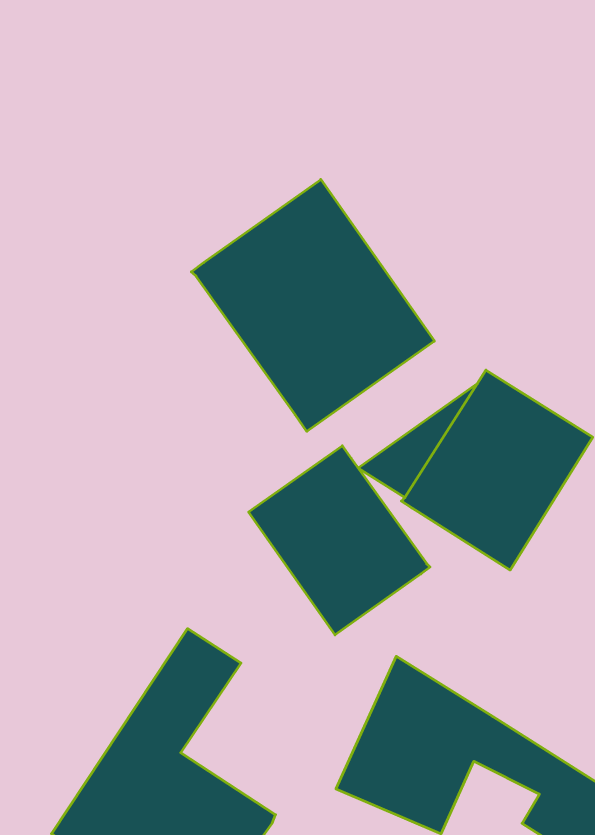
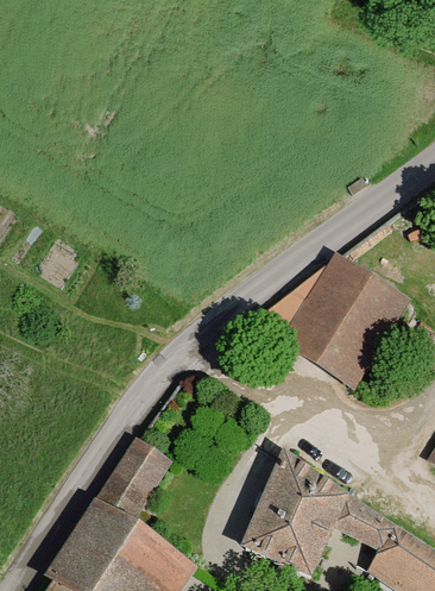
building: [191,179,434,431] -> none
building: [249,446,430,635] -> none

